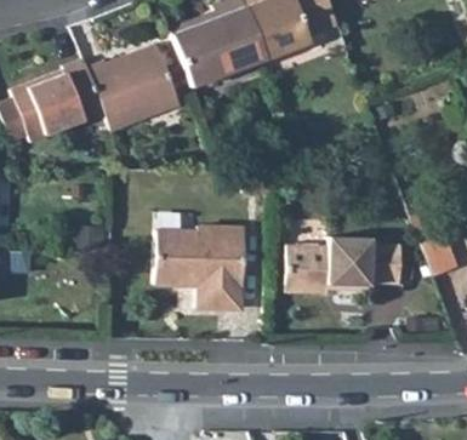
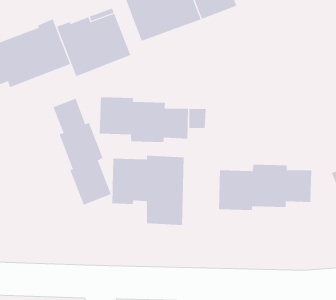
building: none -> [99,96,189,143]
building: none -> [53,98,112,205]

